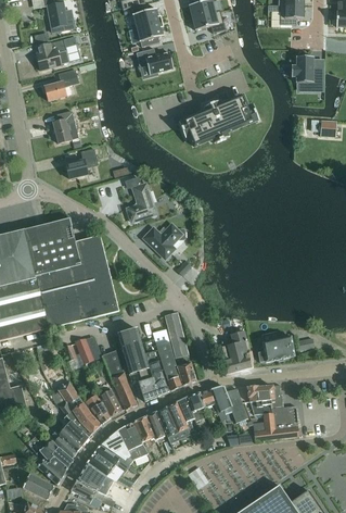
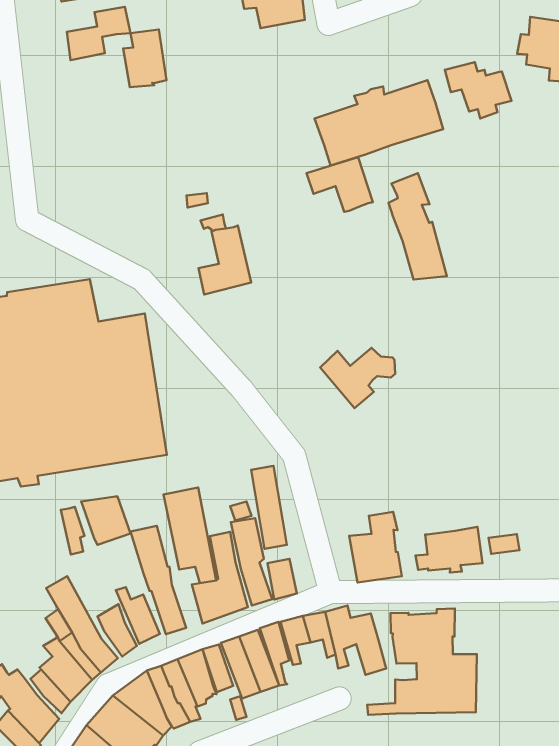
building: none -> [445,62,511,119]
building: [52,110,77,142] -> [123,30,166,87]
building: none -> [306,157,373,212]
building: none -> [388,173,447,280]
building: [65,149,94,178] -> none
building: [144,224,185,258] -> [320,348,395,408]

